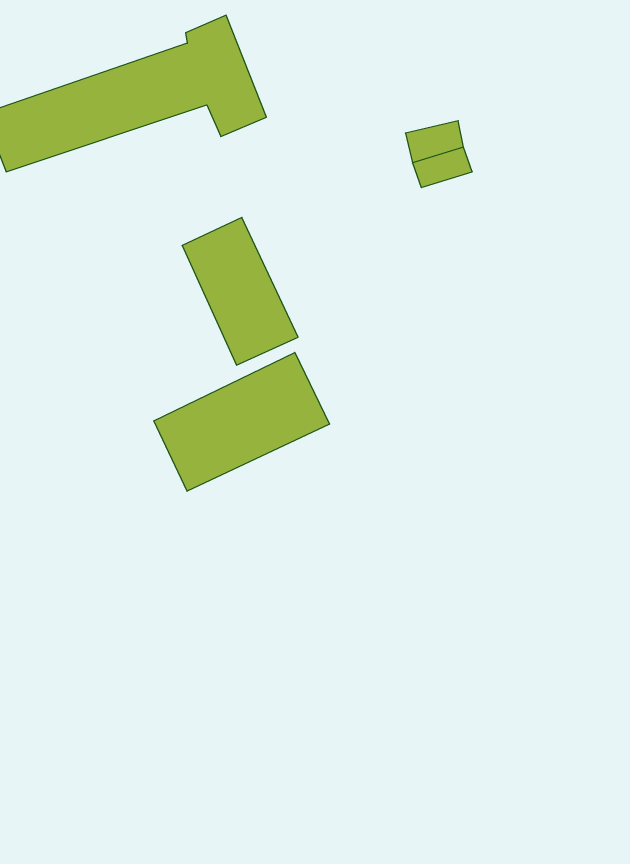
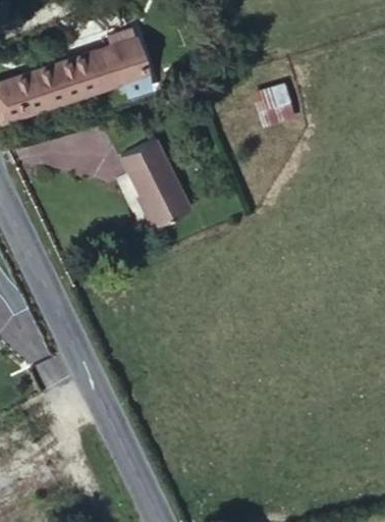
building: [154,352,329,491] -> none

